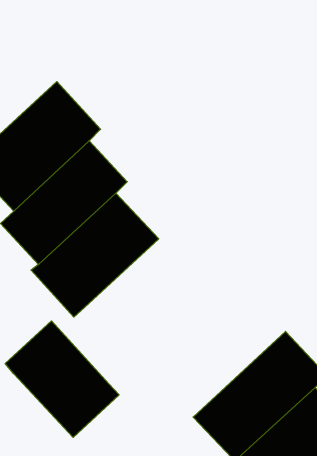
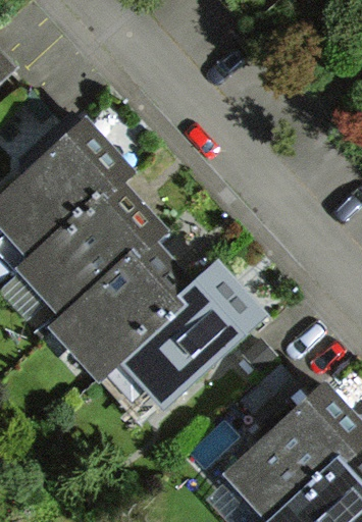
building: none -> [106,264,259,413]
building: [5,321,119,437] -> none

